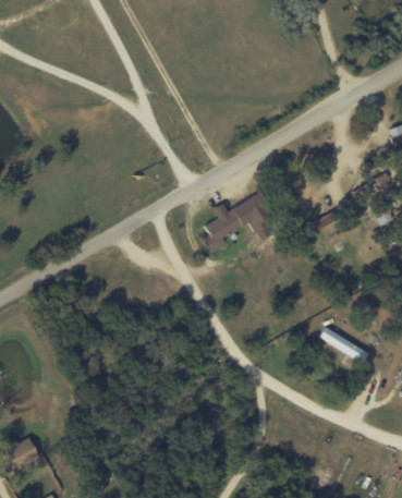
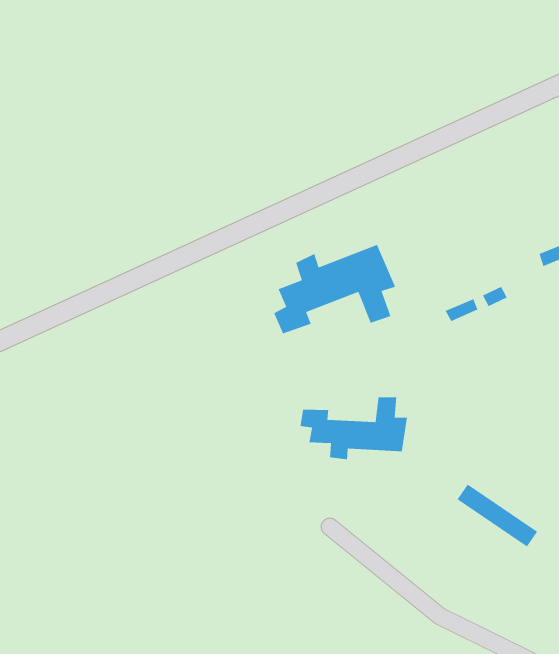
building: none -> [300,396,408,460]

